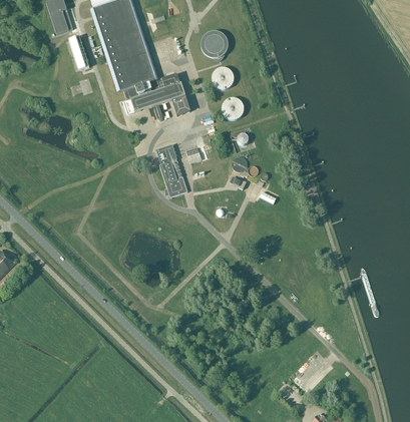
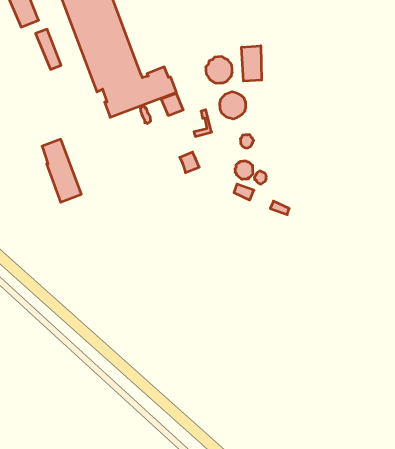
building: none -> [242,46,262,81]
building: [156,144,187,197] -> [42,139,81,202]

